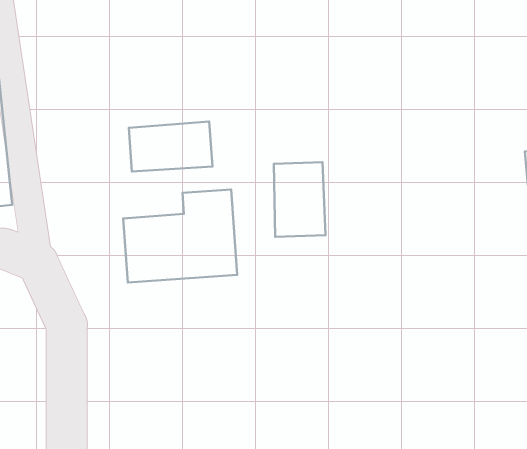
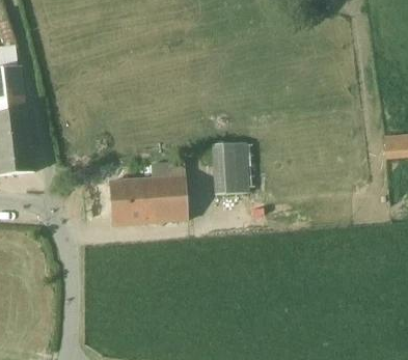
building: [129,121,212,172] -> none

